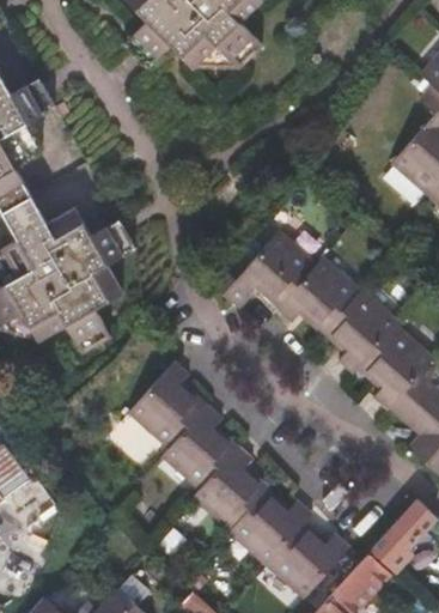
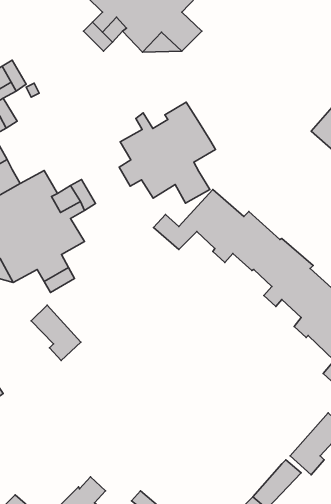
building: none -> [119,102,215,203]
building: [128,358,346,596] -> none
building: none -> [31,305,81,361]

